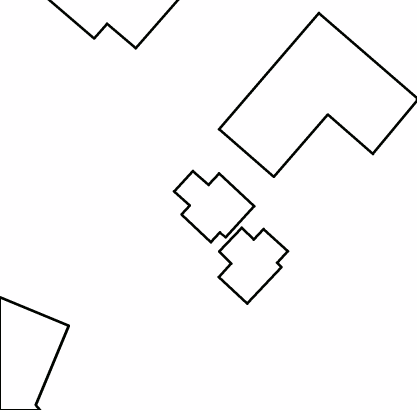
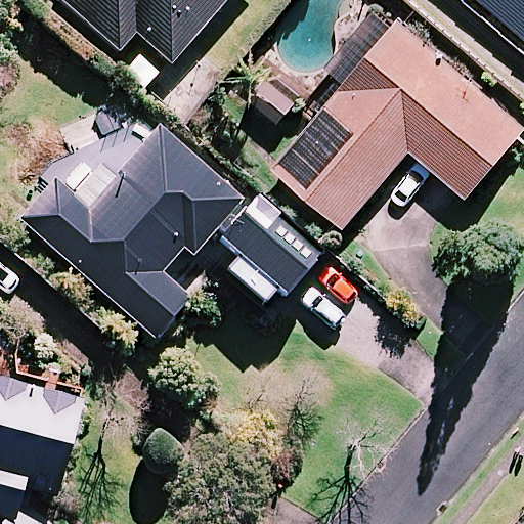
building: none -> [24,128,239,335]
building: [219,228,288,304] -> none

